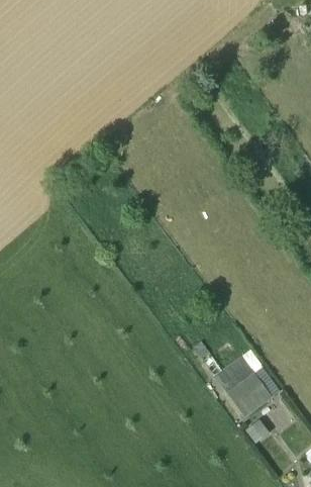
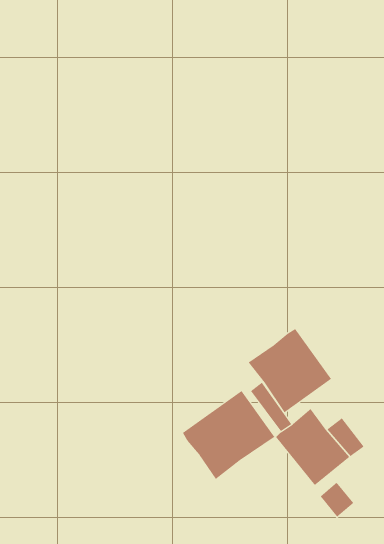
building: none -> [248,328,332,413]
building: none -> [182,390,275,480]

